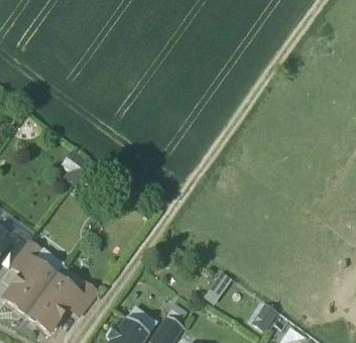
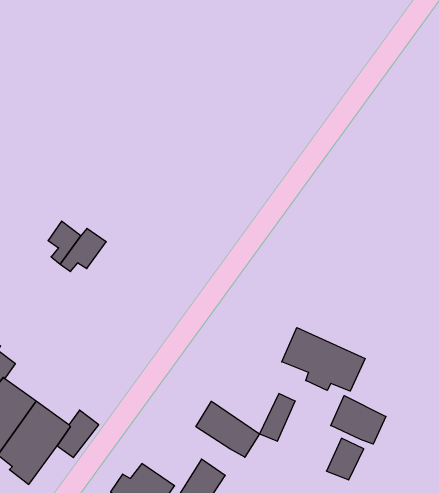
building: none -> [282,328,365,391]
building: none -> [331,396,386,444]
building: none -> [196,401,260,457]

